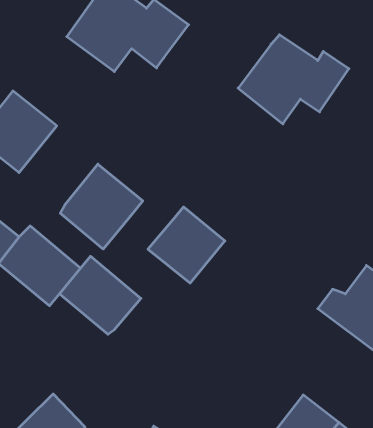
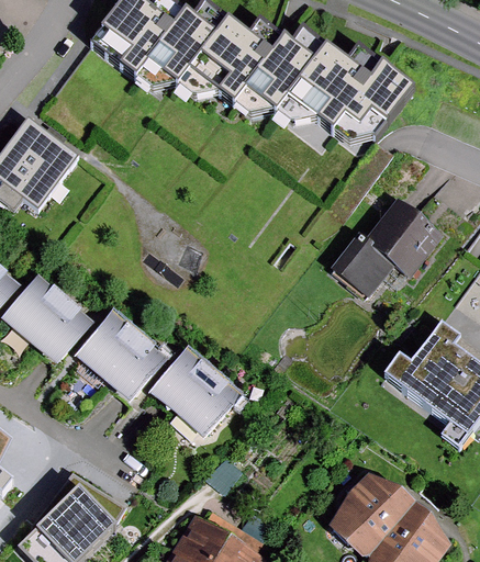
building: none -> [206,16,335,113]
building: none -> [336,201,440,300]
building: [60,164,143,249] -> none
building: [148,207,225,283] -> [147,351,239,442]

